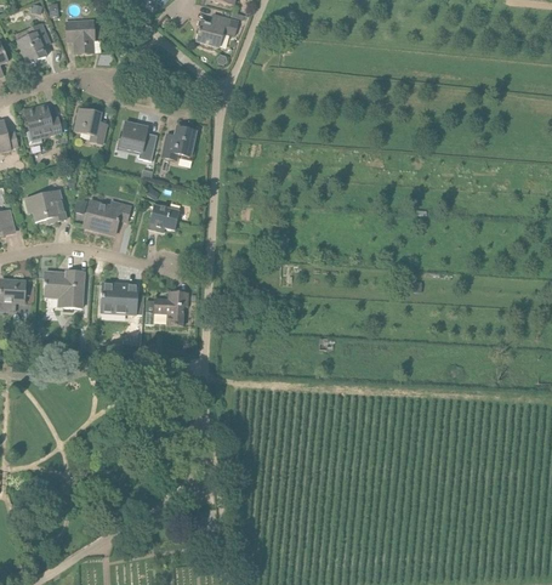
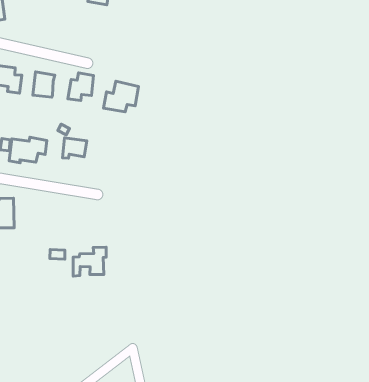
building: none -> [103,81,138,112]
building: [101,283,137,316] -> none
building: [144,291,188,325] -> [73,247,106,276]

